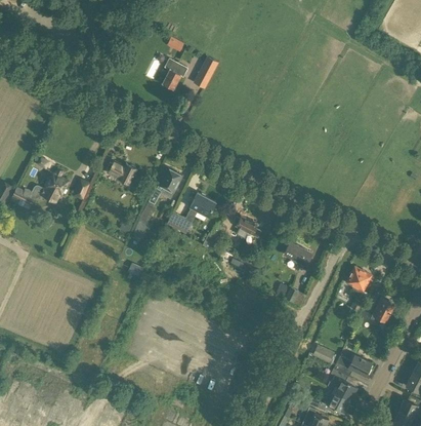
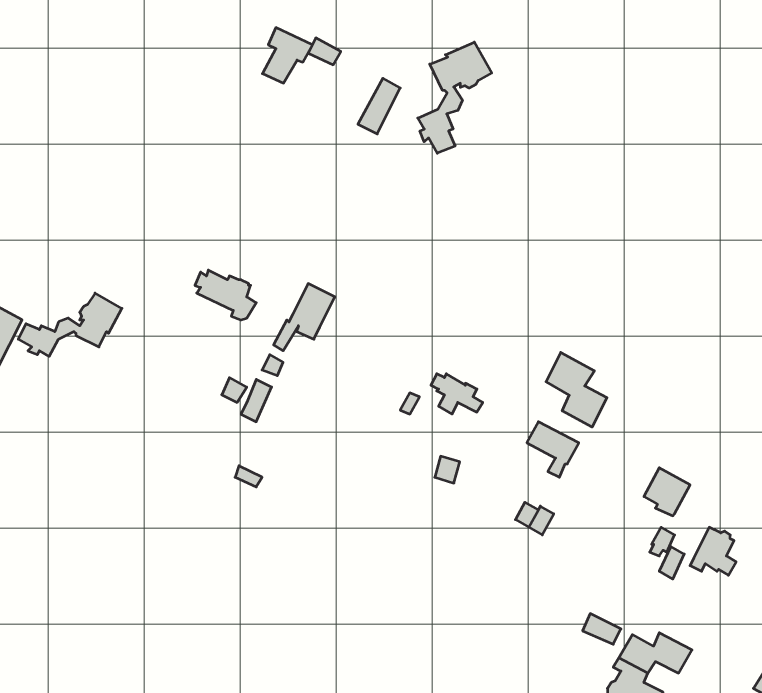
building: none -> [418,42,492,153]
building: [162,60,188,89] -> [262,28,312,83]
building: [167,193,215,234] -> none
building: none -> [546,352,607,427]

